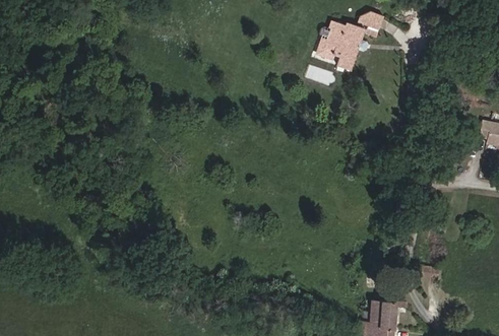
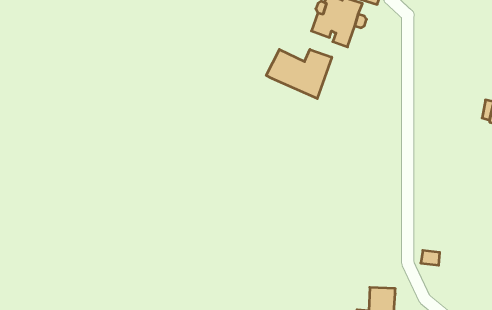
building: none -> [266,49,332,99]

